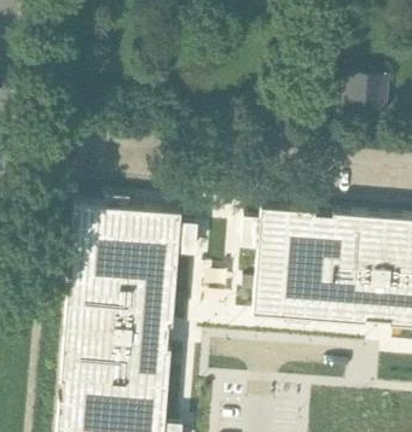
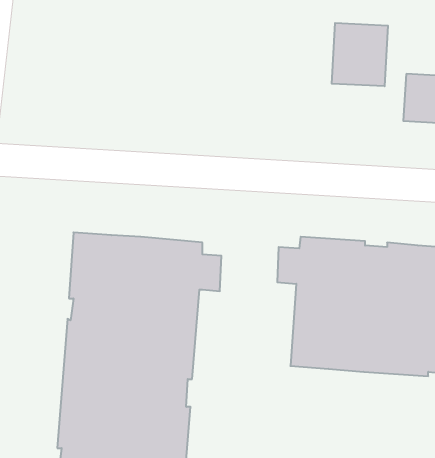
building: none -> [332,23,388,86]

